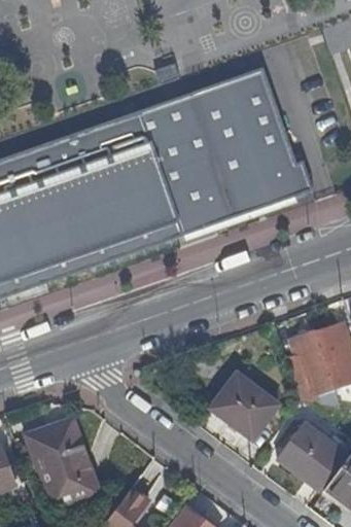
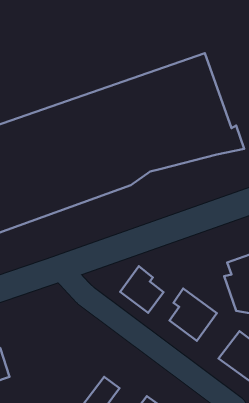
building: none -> [120,266,164,313]
building: [27,419,99,510] -> none

